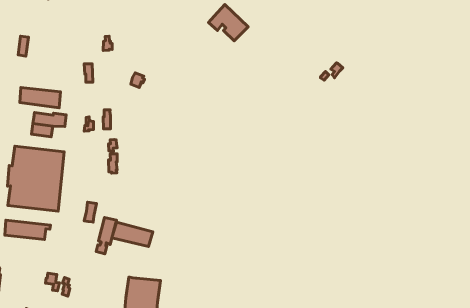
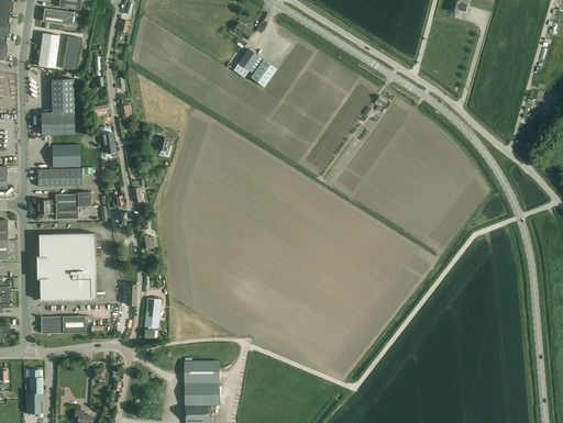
building: none -> [41,79,74,135]
building: none -> [52,144,79,167]
building: [112,222,153,246] -> none

